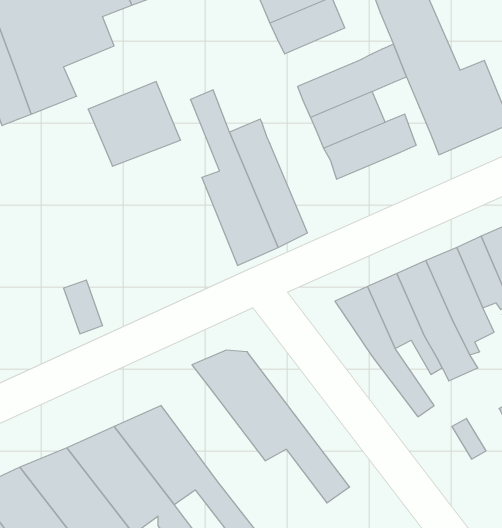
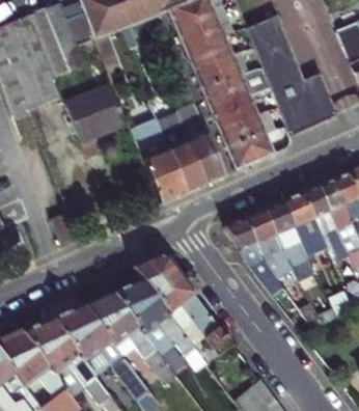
building: none -> [193,48,249,89]
building: none -> [177,101,226,183]
building: none -> [226,132,274,170]
building: none -> [114,280,202,364]

